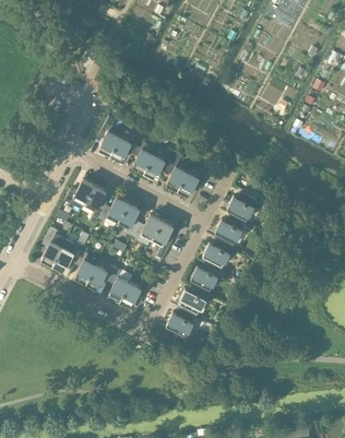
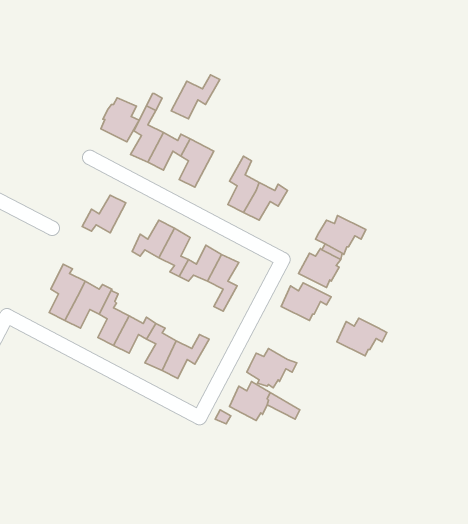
building: none -> [101,98,139,142]
building: [142,149,176,179] -> [171,75,220,119]
building: [83,185,105,225] -> none
building: [190,263,225,289] -> [337,318,387,356]

